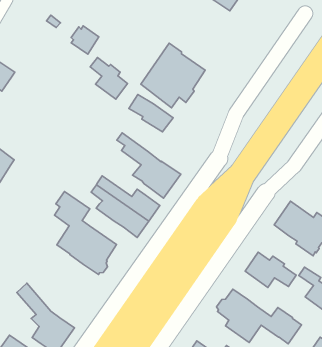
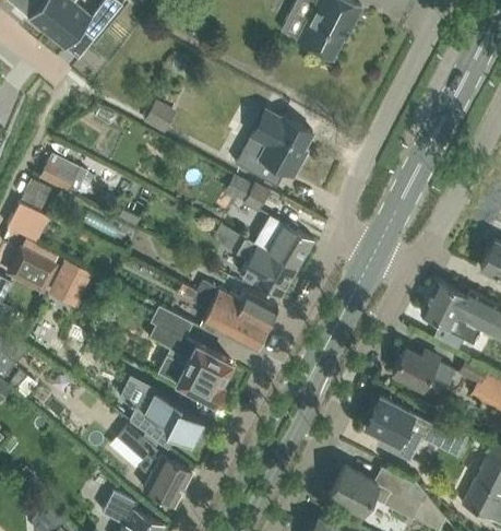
building: [90,57,128,99] -> none
building: none -> [254,216,314,267]
building: none -> [121,379,204,449]

